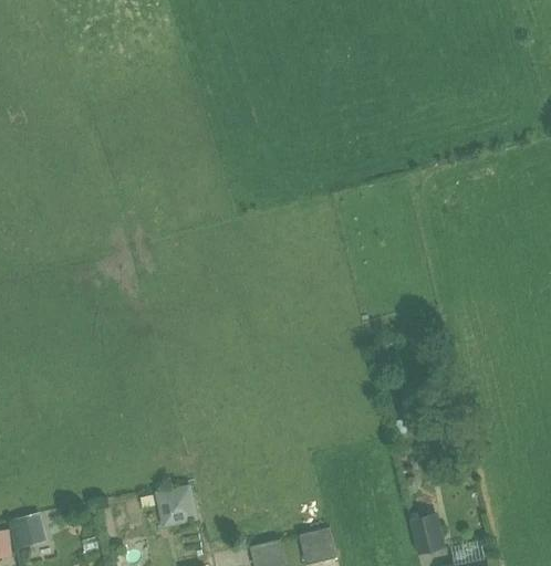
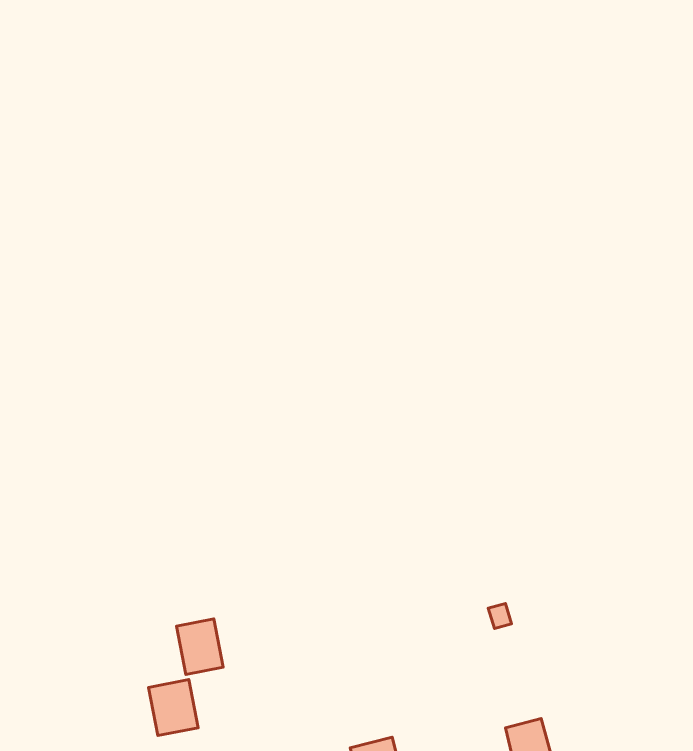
building: none -> [176,619,223,675]

